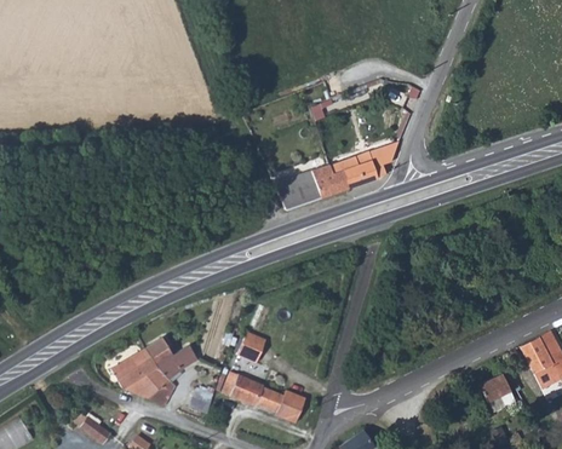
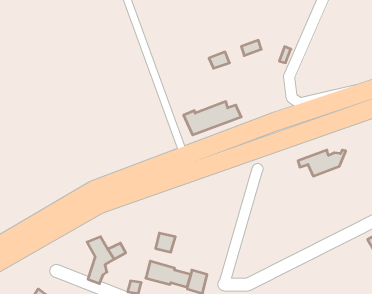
building: [332,146,396,182] -> [298,150,346,176]
building: [102,350,156,399] -> none
building: [478,369,516,408] -> none

